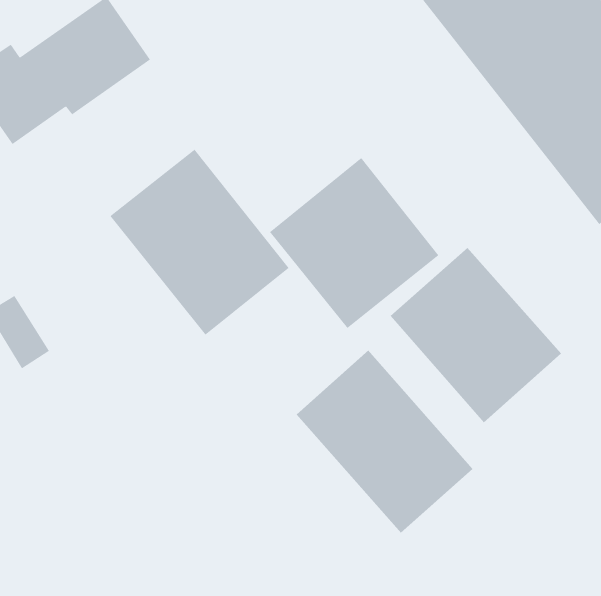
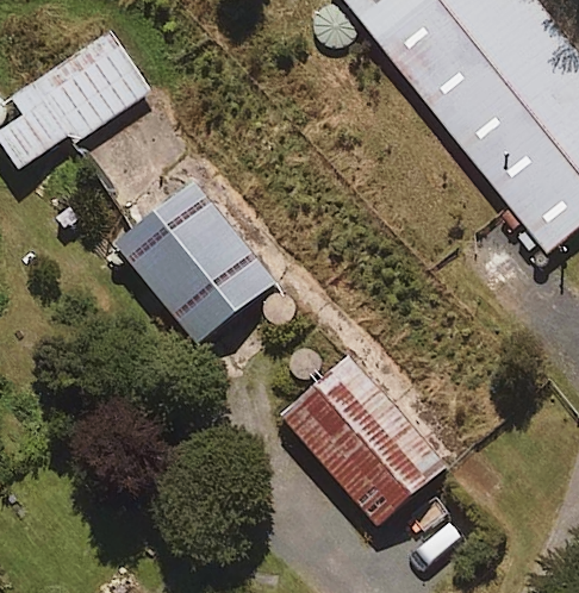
building: [269,157,439,329] -> none
building: [390,247,562,423] -> none

